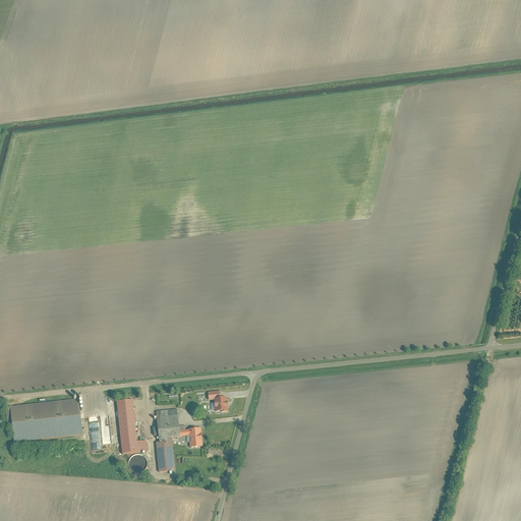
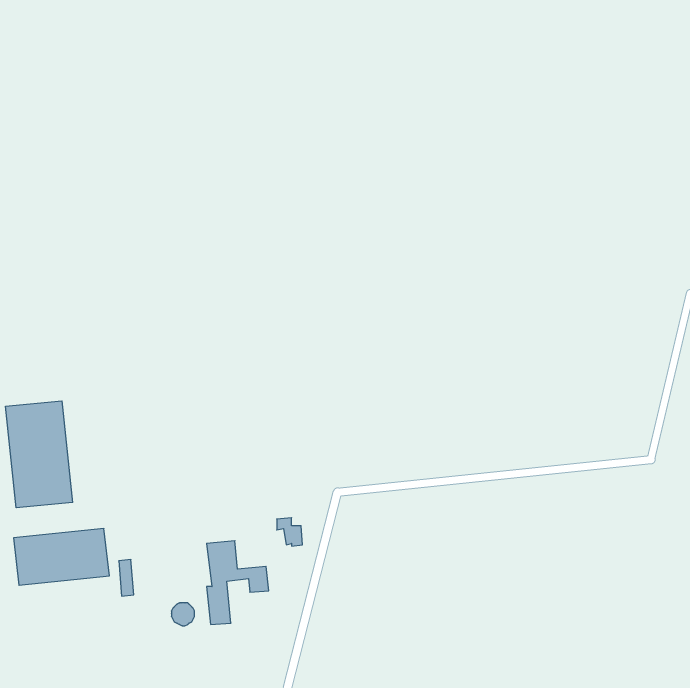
building: none -> [6,401,73,508]
building: [116,398,148,452] -> none

